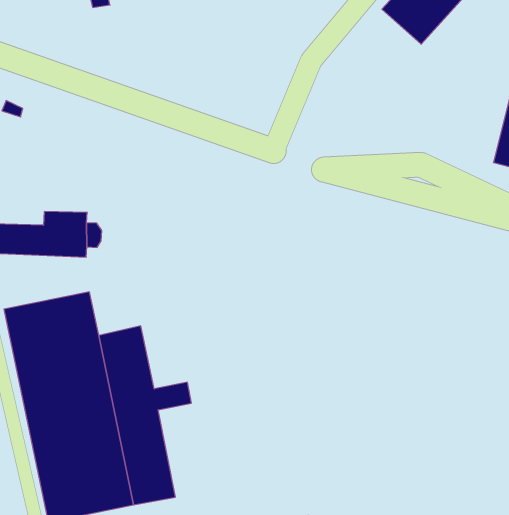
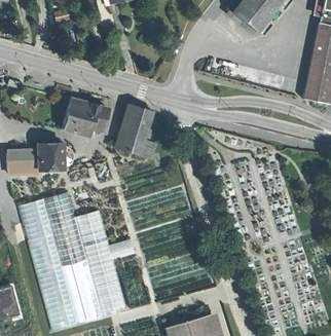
building: none -> [64,100,109,137]
building: none -> [119,106,158,157]

